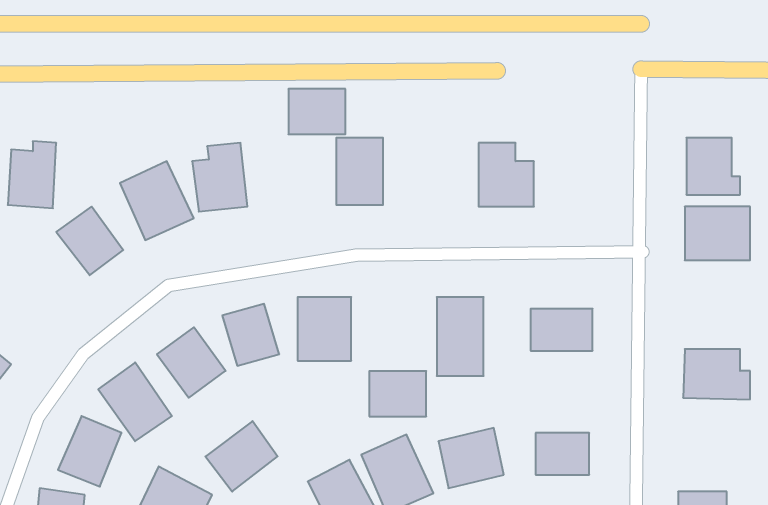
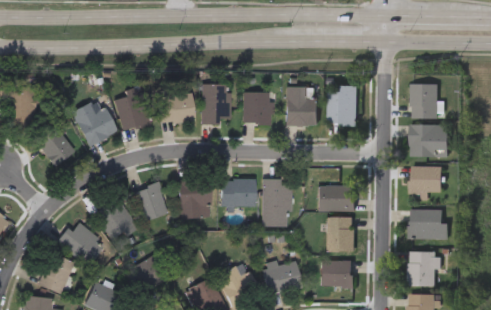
building: [288,89,345,134] -> [160,96,194,123]
building: none -> [328,87,356,127]
building: none -> [243,93,273,125]
building: none -> [410,168,443,195]
building: none -> [326,218,354,253]
building: [369,371,426,416] -> [221,180,255,207]
building: none -> [407,253,440,288]

